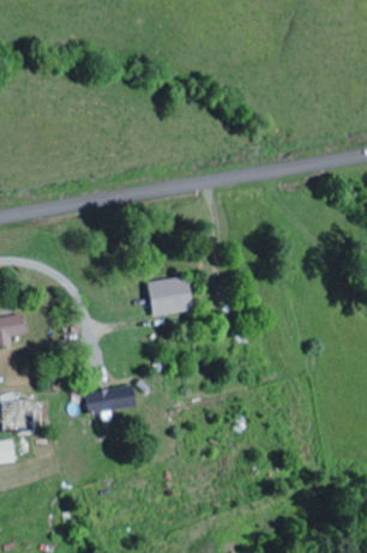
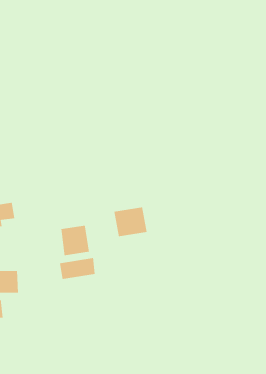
building: [148,276,192,315] -> [114,207,147,237]
building: none -> [61,225,89,256]

